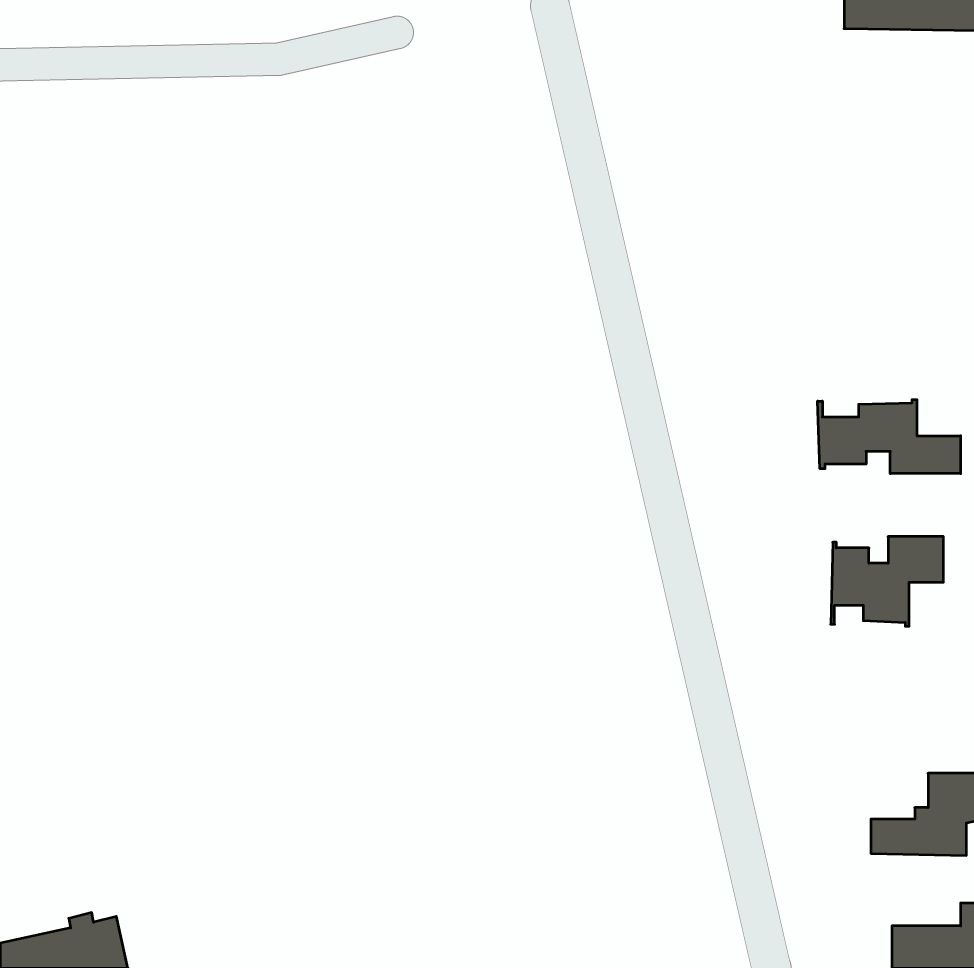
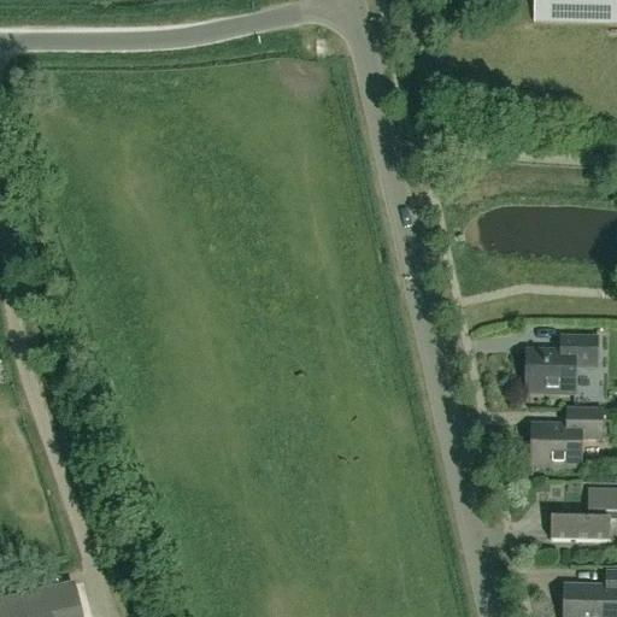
building: [818,400,961,474] -> none
building: none -> [530,407,603,464]

